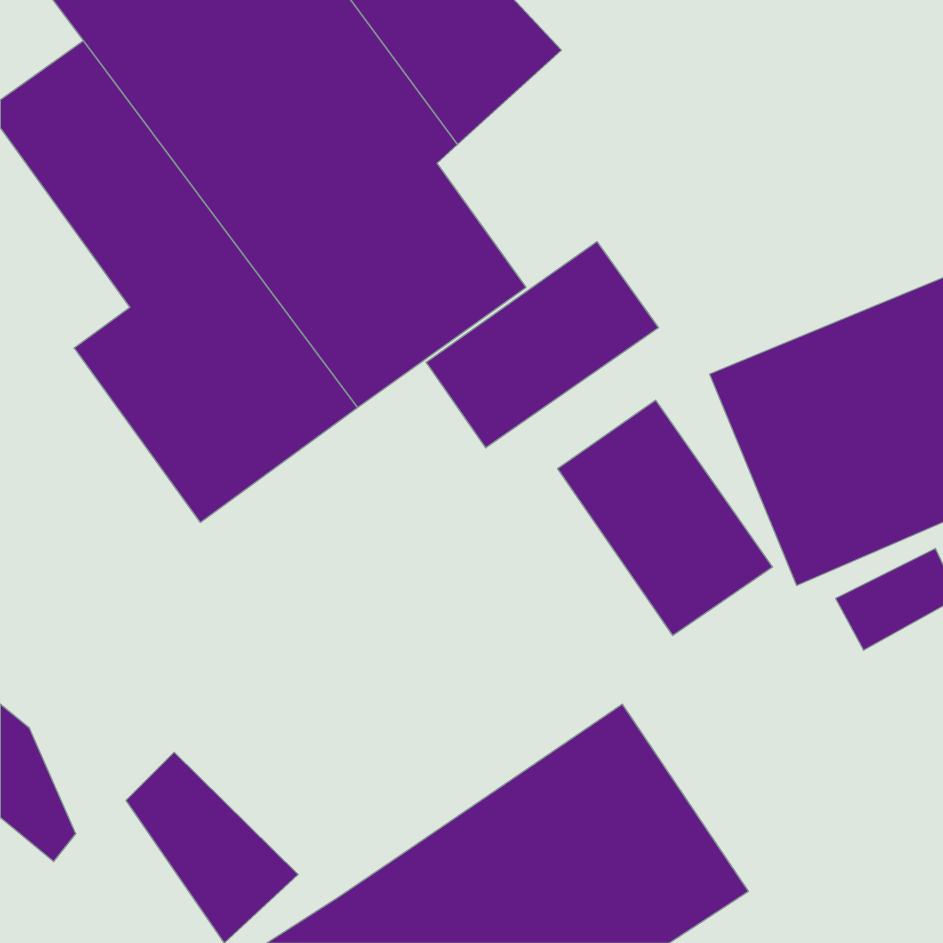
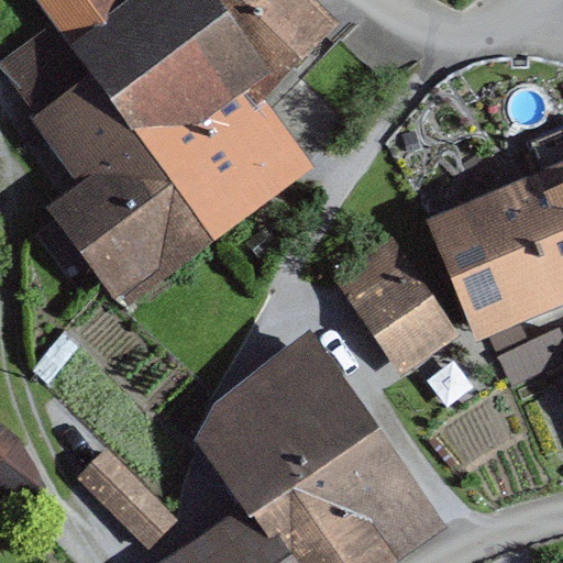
building: [426,242,658,448] -> none
building: none -> [195,324,372,507]

